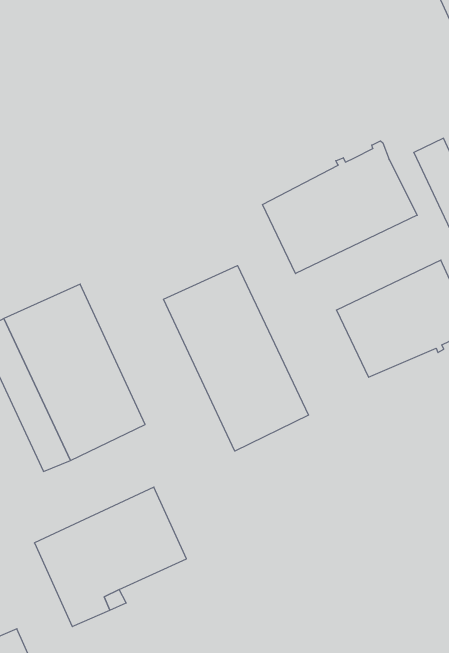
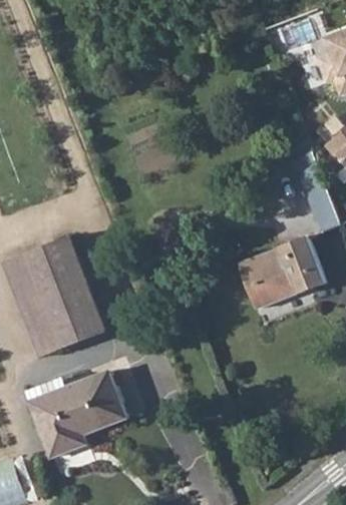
building: [262,141,417,274] -> none
building: [164,266,309,451] -> none

